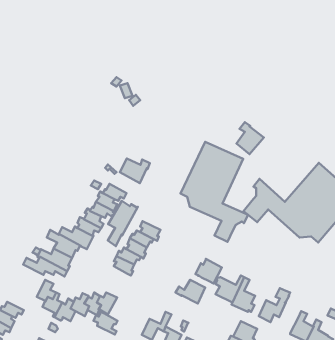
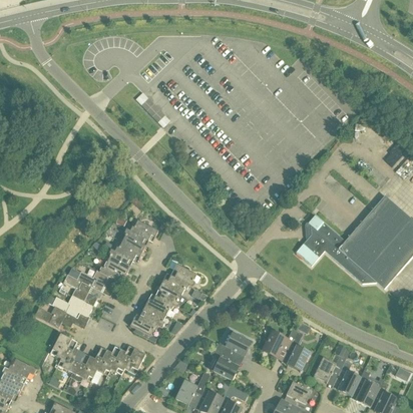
building: [236,122,264,154] -> none
building: [180,142,248,242] -> none
building: [120,158,150,183] -> none
building: [108,201,138,246] -> none
building: [196,259,222,284] -> [210,350,241,379]
building: none -> [336,359,360,395]
building: [94,312,117,334] -> [129,314,157,341]

